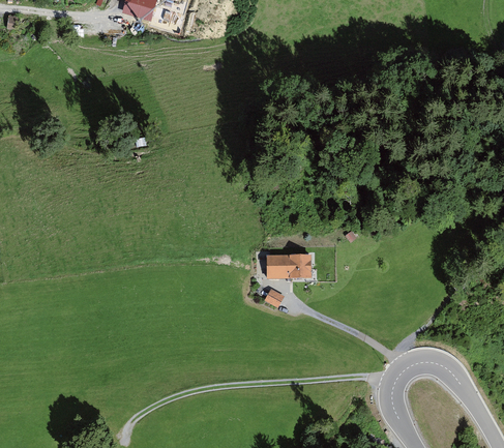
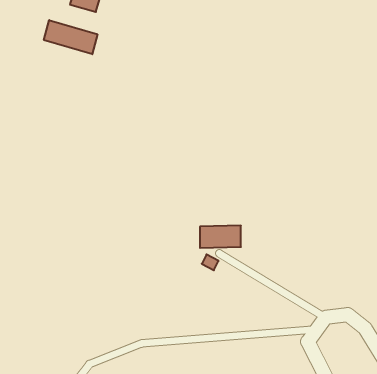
building: none -> [44,20,97,54]

